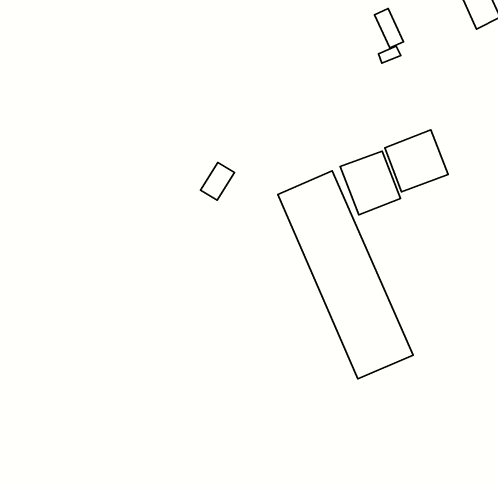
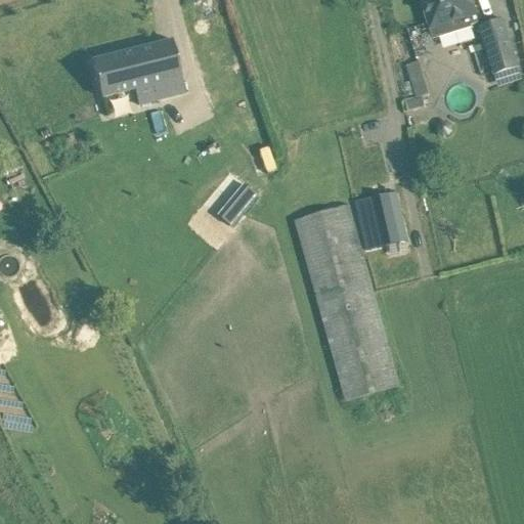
building: none -> [92,38,184,102]
building: [385,130,448,192] -> none

